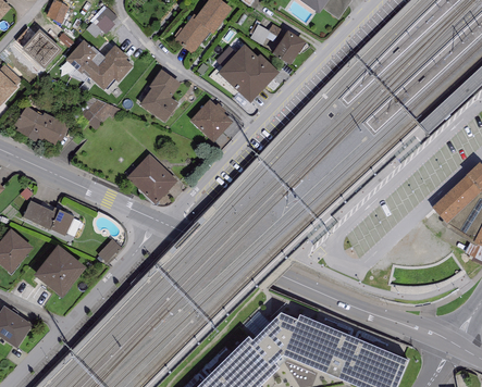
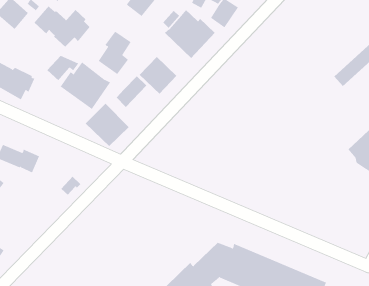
building: none -> [60,62,111,110]
building: none -> [115,76,147,108]
building: [34,246,86,298] -> none

